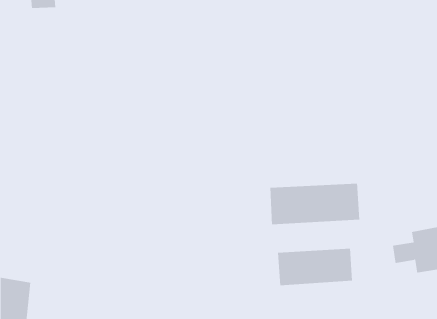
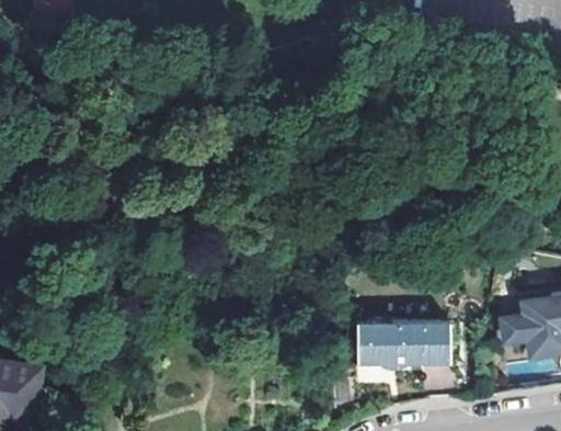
building: [270,183,360,225] -> none

